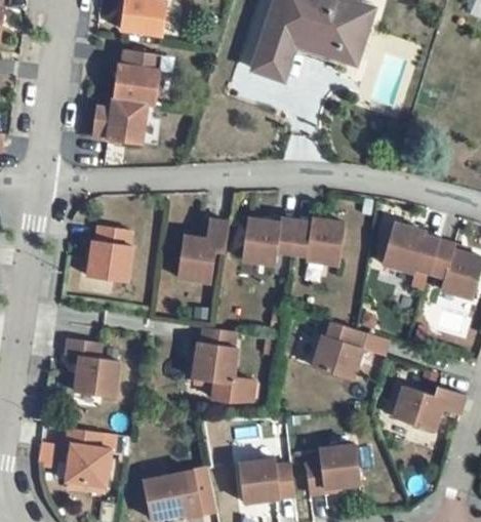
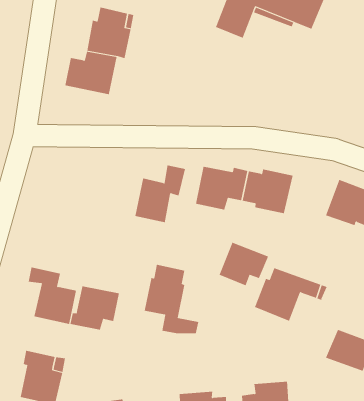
building: [88,225,133,281] -> none
building: none -> [219,242,269,286]
building: none -> [70,285,119,331]

